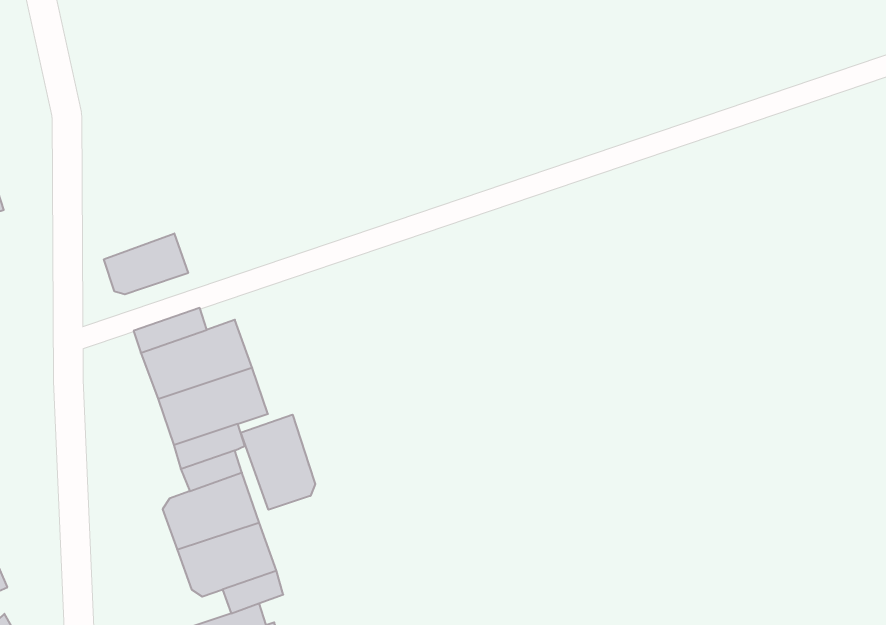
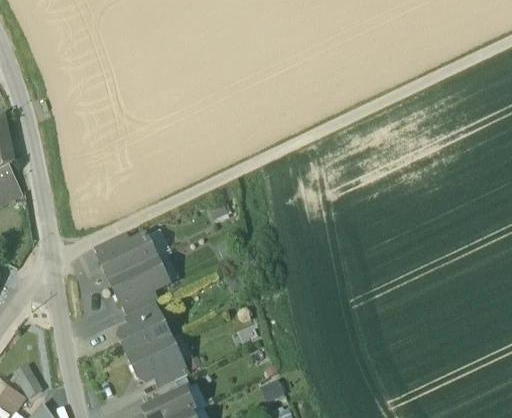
building: [104,233,188,294] -> none
building: [241,415,315,510] -> none

